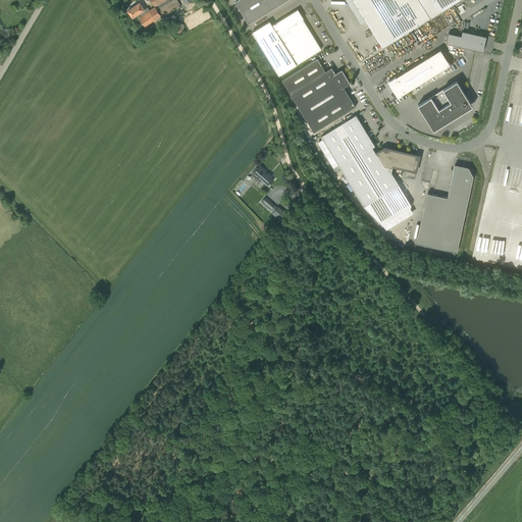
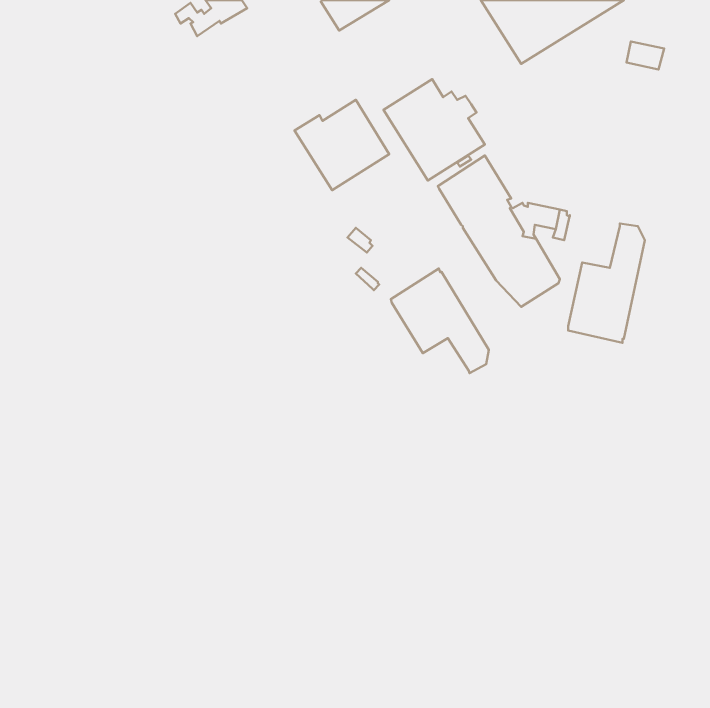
building: [252,10,321,76] -> [295,100,389,190]
building: [387,55,443,98] -> none
building: [418,83,467,130] -> none
building: none -> [391,269,489,373]

